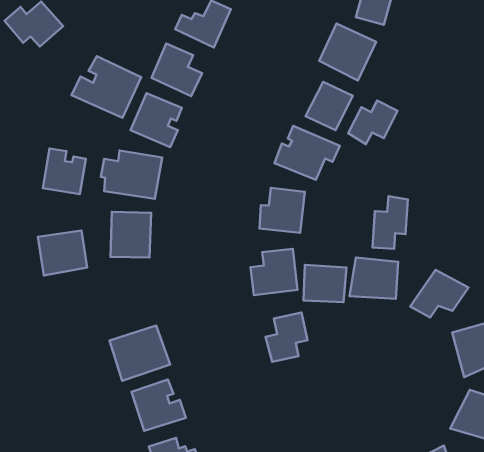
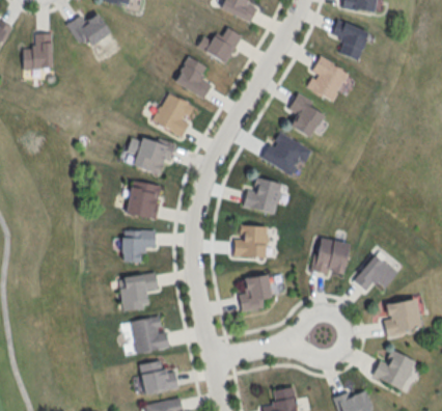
building: [72,56,141,118] -> none
building: [348,100,398,144] -> none
building: [43,148,86,194] -> none
building: [372,196,408,249] -> none
building: [38,230,87,275] -> [121,230,157,262]
building: [303,265,346,302] -> none

